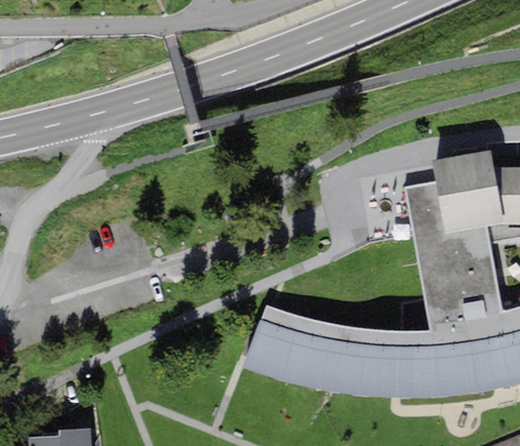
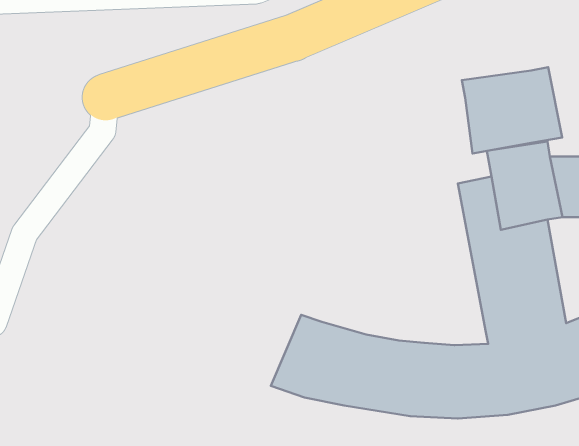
building: none -> [462,67,562,153]

